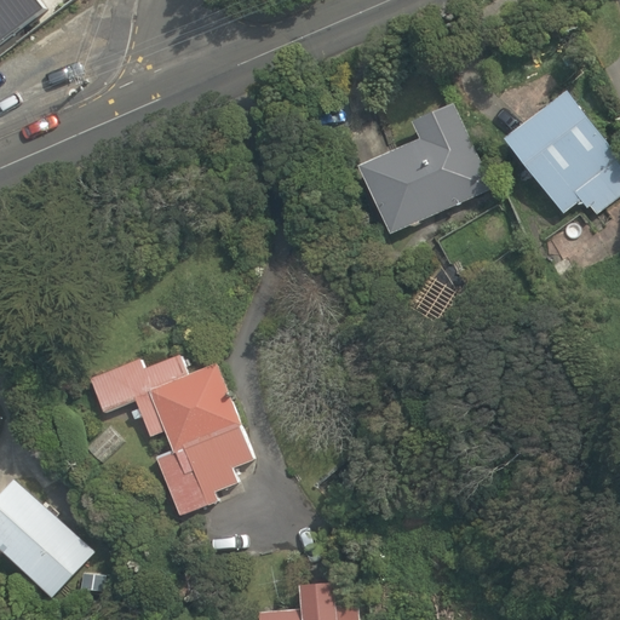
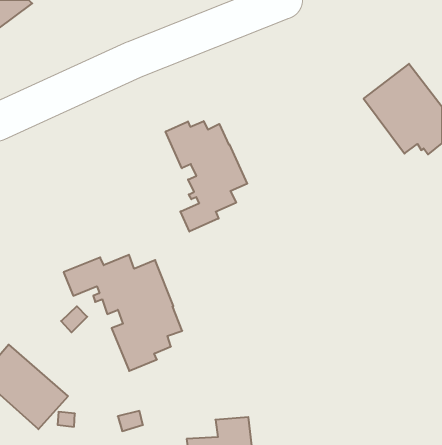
building: [358,102,492,234] -> none
building: none -> [166,121,247,232]

